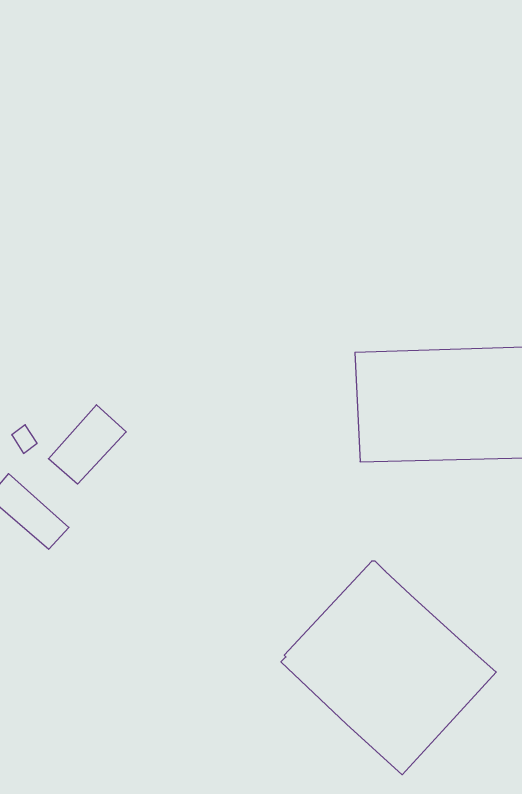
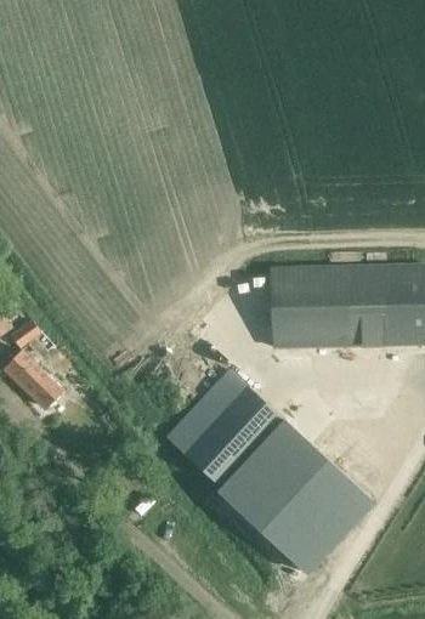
building: [48,405,126,484] -> none
building: none -> [166,369,283,487]

